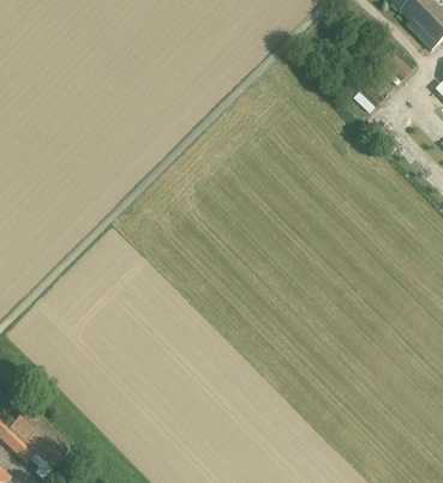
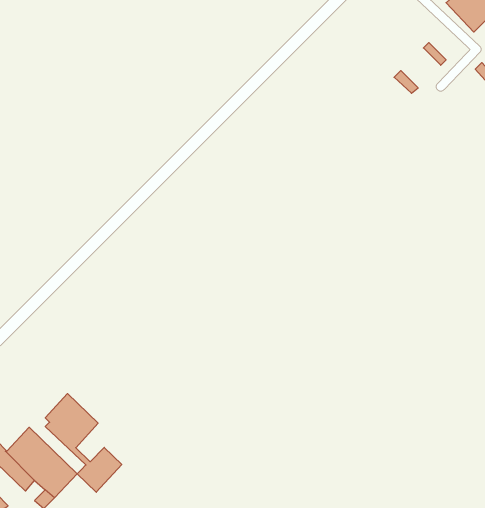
building: none -> [45,394,122,492]

